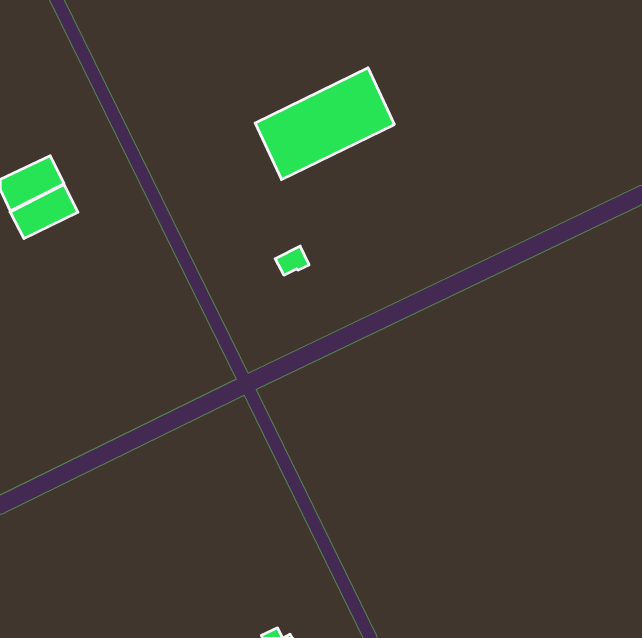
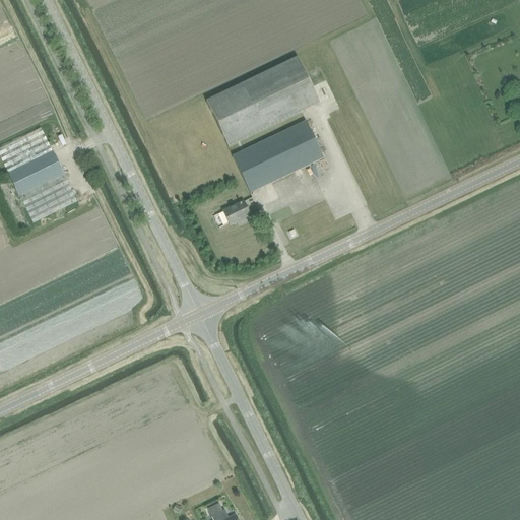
building: none -> [232,118,323,191]
building: none -> [21,176,76,221]

